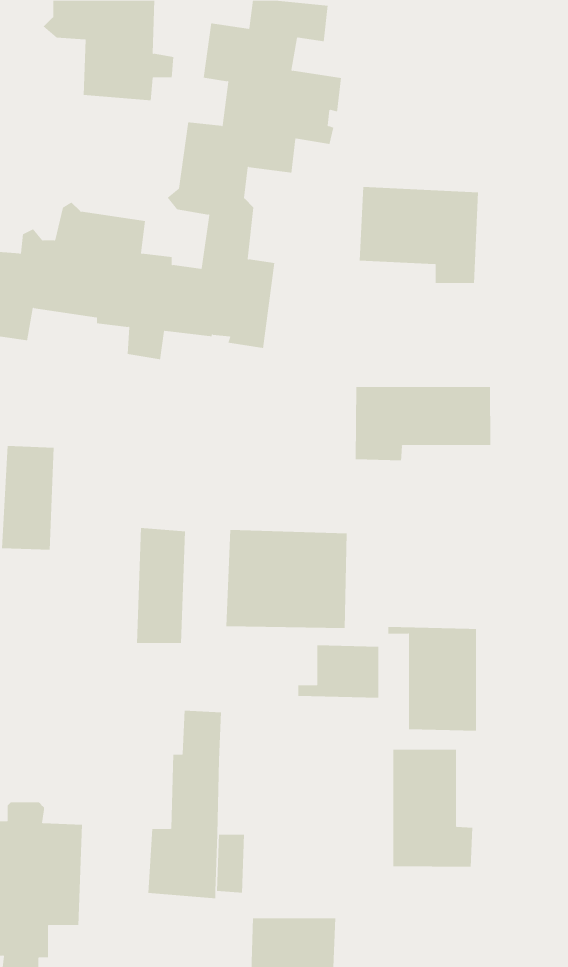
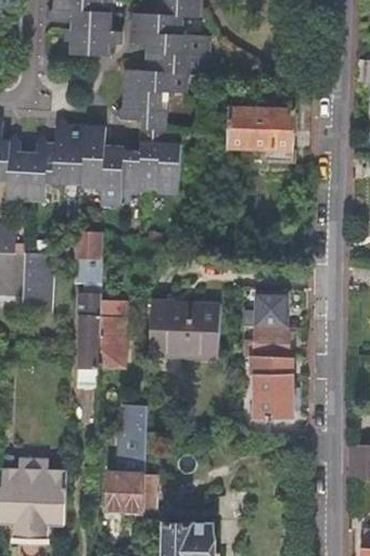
building: [355,386,491,461] -> none
building: none -> [74,230,103,387]
building: none -> [256,293,289,324]
building: [297,645,379,698] -> [242,328,289,358]
building: [393,749,473,868] -> none

